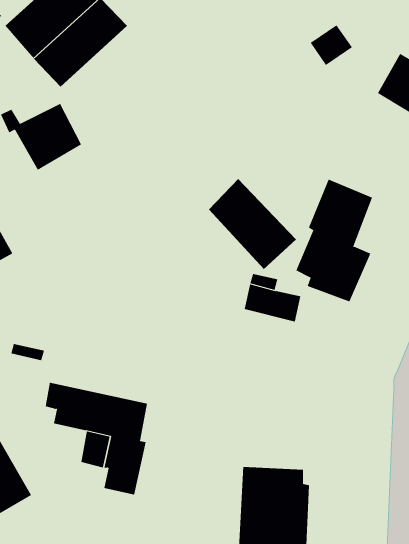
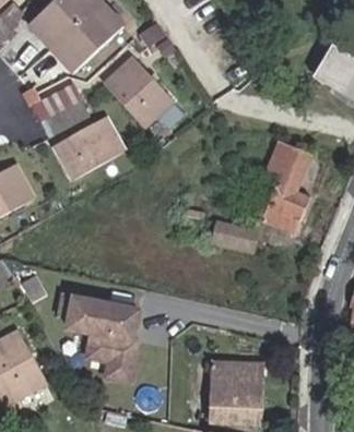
building: none -> [56,116,125,177]
building: [208,178,297,270] -> [106,56,174,125]

